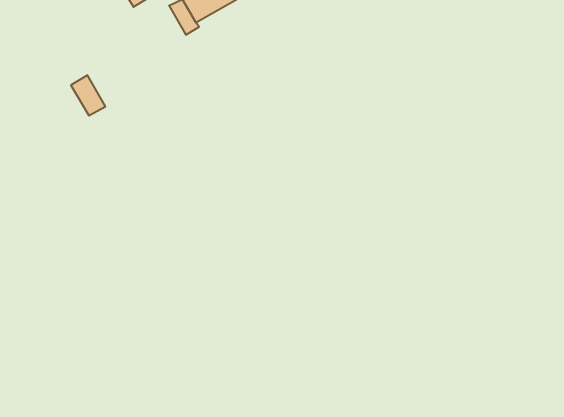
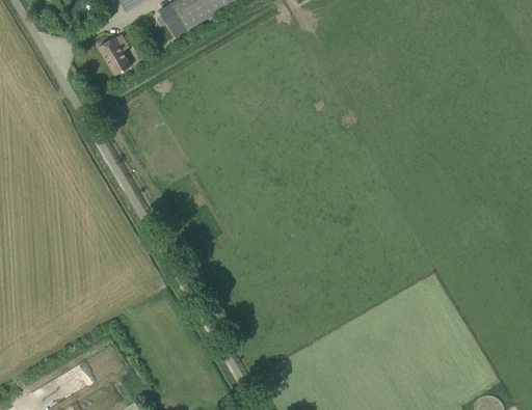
building: [71,75,105,115] -> [100,36,132,74]

